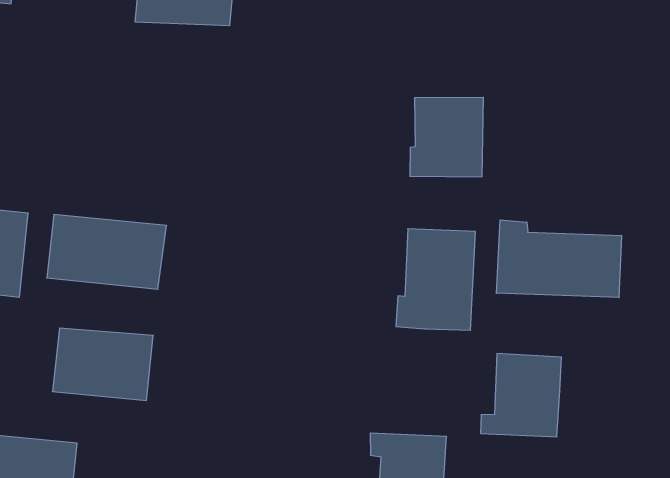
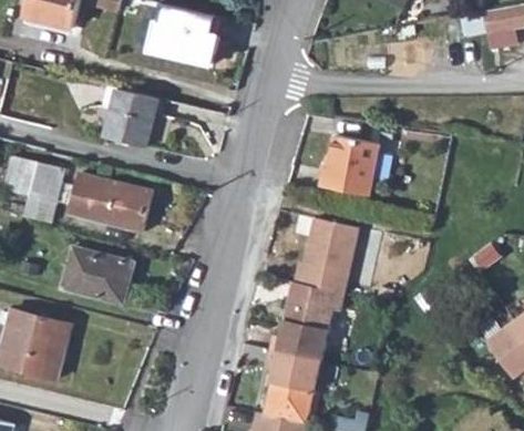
building: none -> [107,86,161,144]
building: [496,220,621,298] -> none
building: [481,354,561,437] -> [267,298,328,359]

